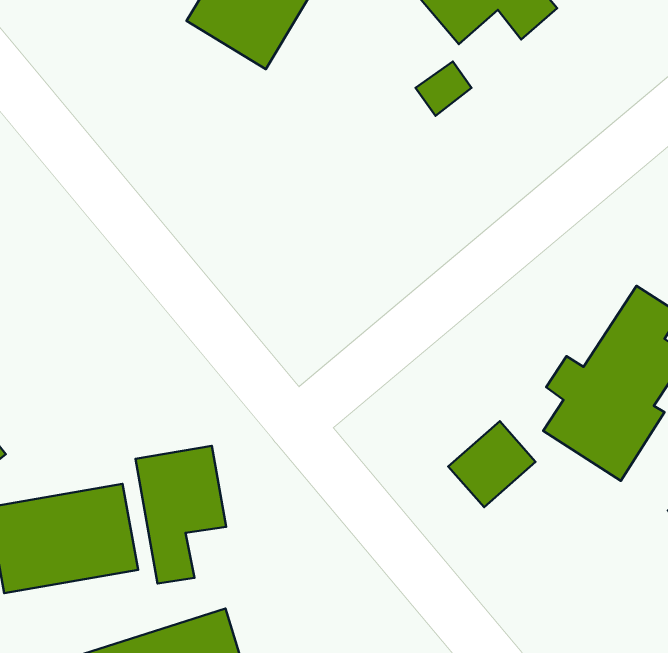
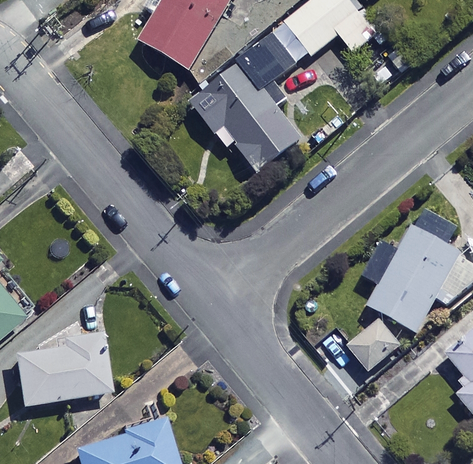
building: none -> [189,34,303,173]
building: [448,421,536,507] -> [347,316,403,371]
building: [135,446,226,584] -> none

